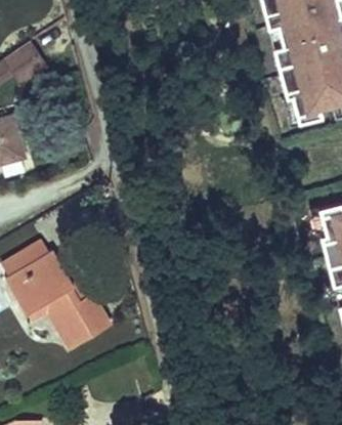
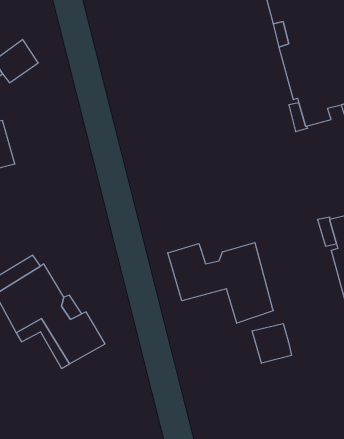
building: none -> [168,243,273,323]
building: none -> [252,324,291,363]

